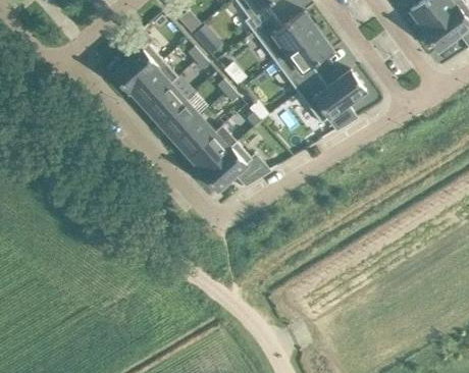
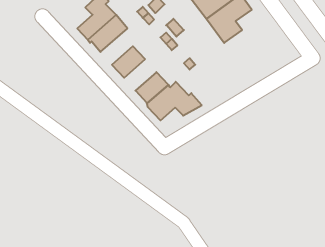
building: [298,69,366,128] -> none
building: [142,73,183,119] -> none
building: [171,112,212,152] -> none

